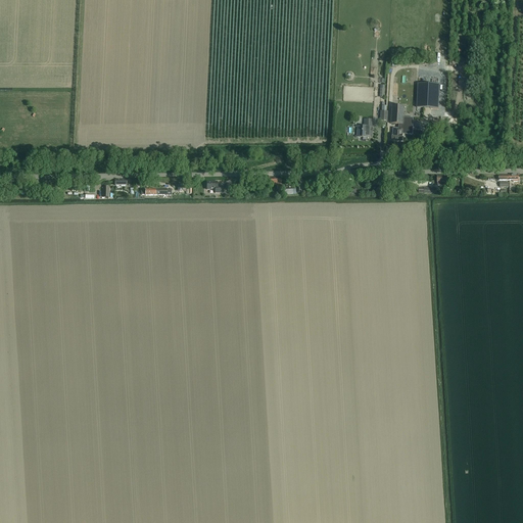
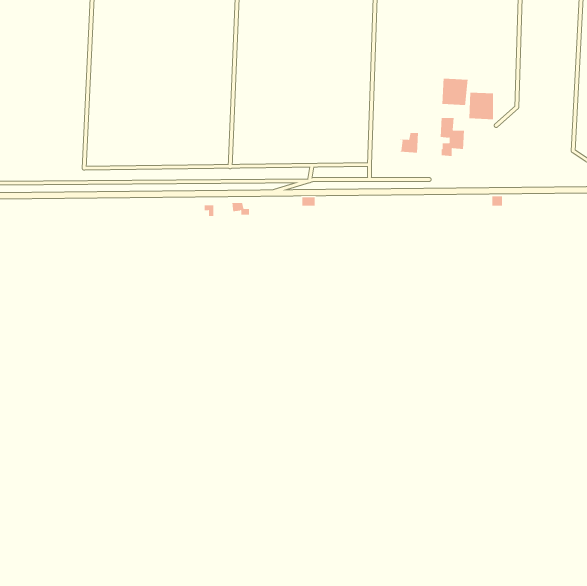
building: none -> [442,78,468,106]

